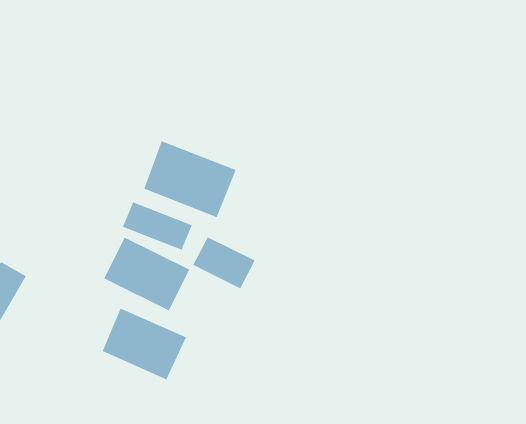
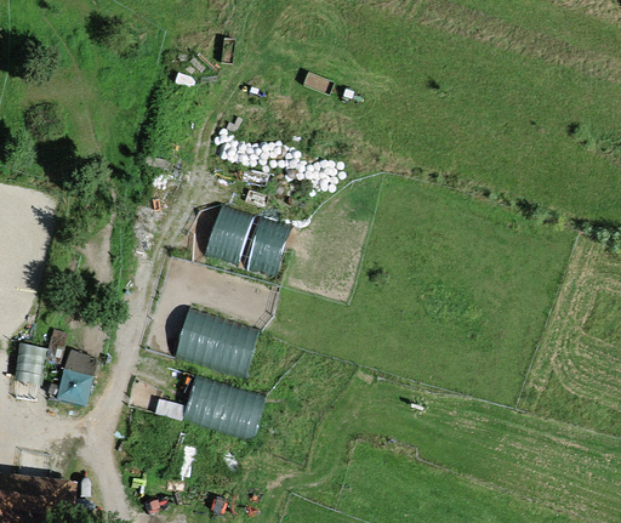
building: [122,202,193,250] -> none
building: [193,236,255,289] -> none

